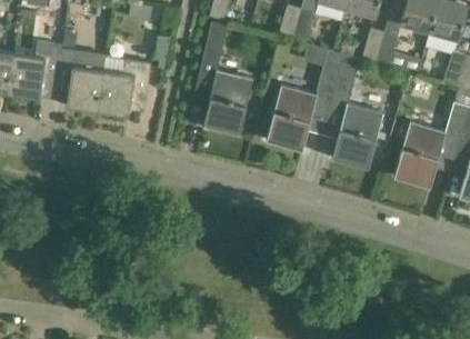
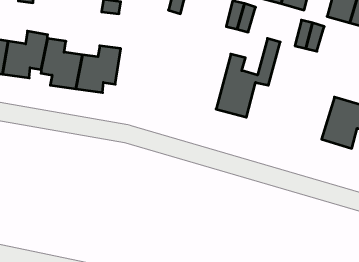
building: [194,22,253,131] -> none
building: [322,56,383,166] -> none

